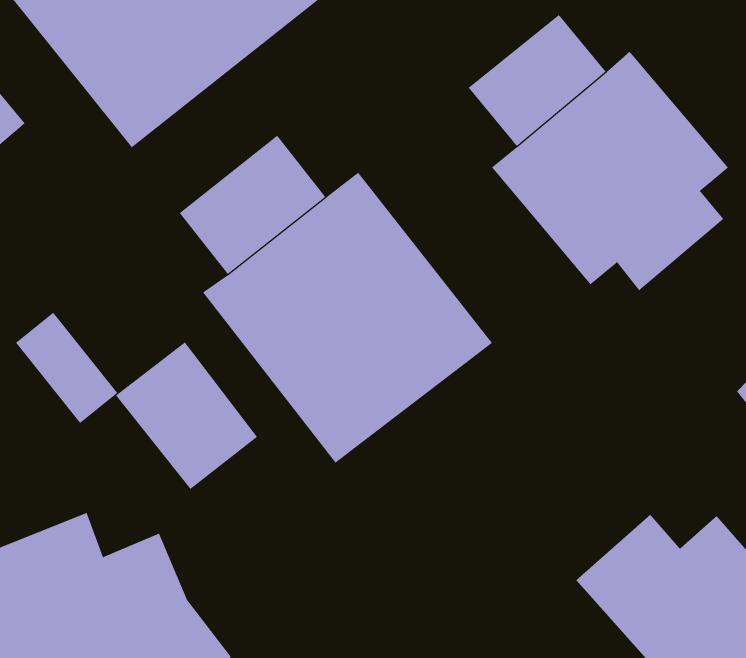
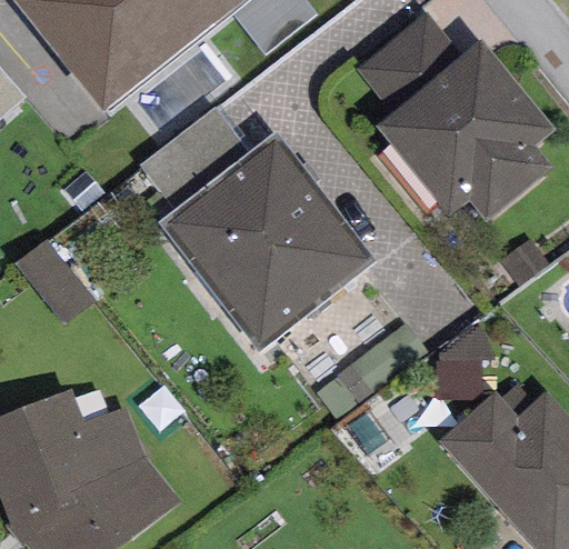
building: [115,341,258,490] -> none

